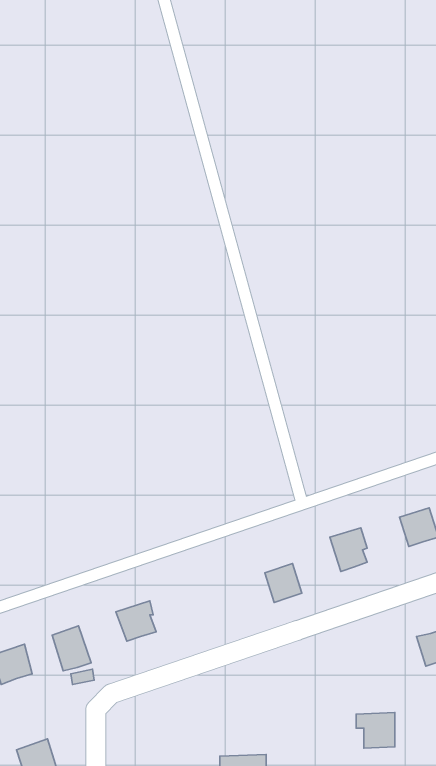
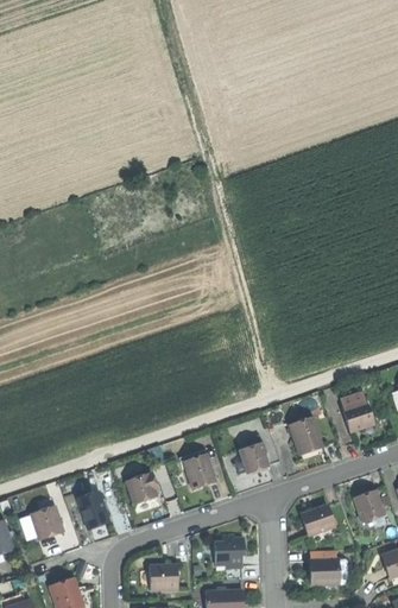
building: none -> [185,456,215,488]
building: none -> [302,505,334,534]
building: none -> [214,534,245,568]
building: none -> [149,563,178,590]

